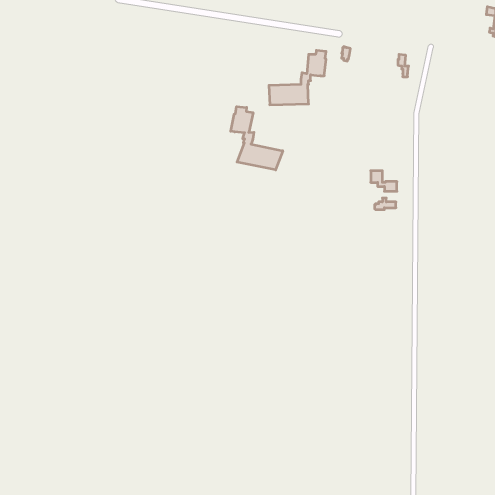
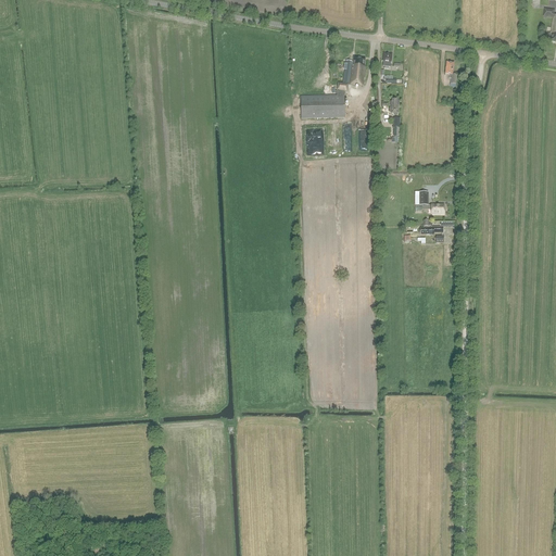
building: [231,107,283,170] -> none

